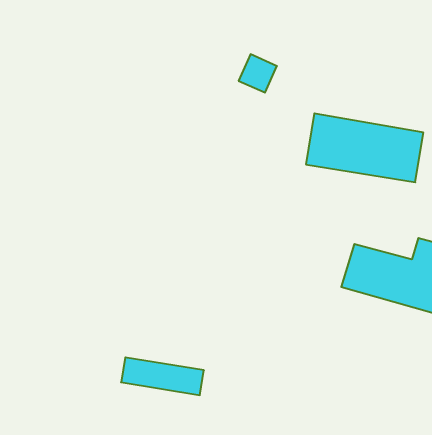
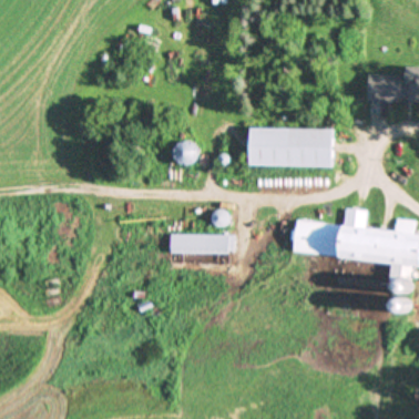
building: [239,54,277,93] -> [173,141,200,167]
building: [121,357,204,395] -> [168,234,228,253]

